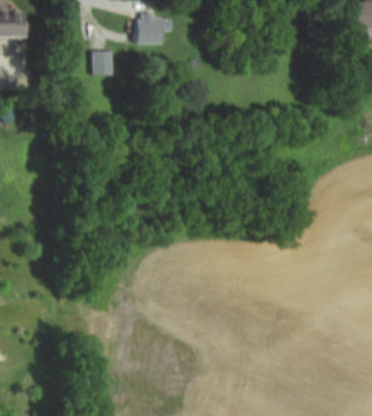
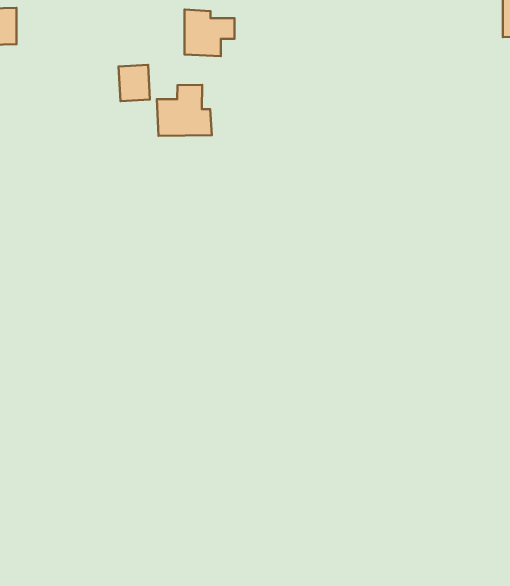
building: none -> [157,85,212,136]

